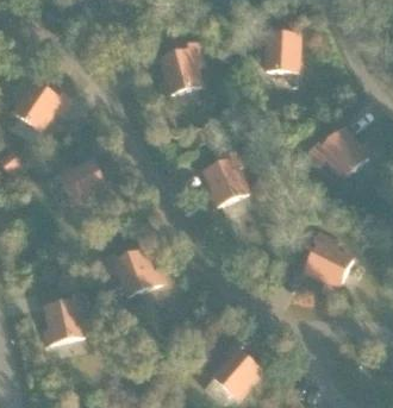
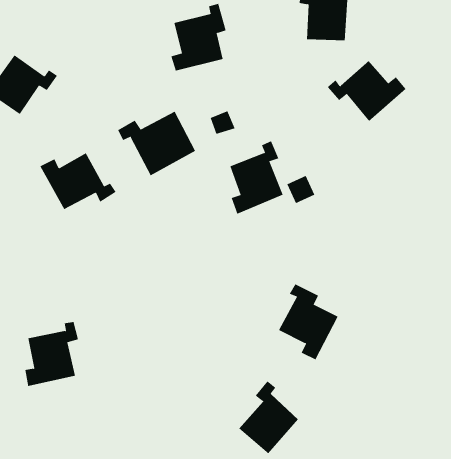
building: none -> [117,111,196,176]
building: [311,128,374,177] -> [327,60,407,122]
building: [306,232,354,293] -> [278,283,338,360]
building: [106,250,166,295] -> none

